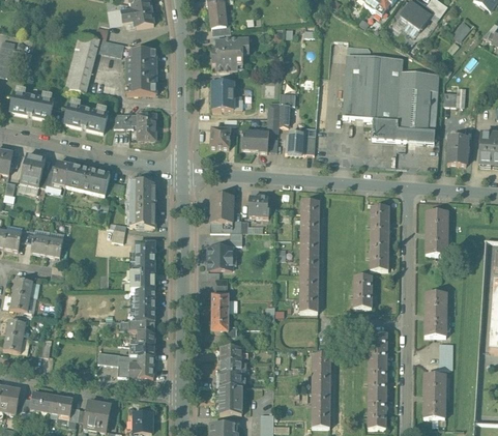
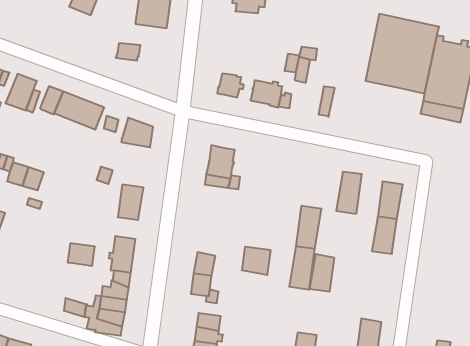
building: [212,81,242,108] -> none
building: [11,92,54,118] -> none
building: [65,104,108,129] -> none
building: [138,112,156,139] -> none
building: [372,118,398,139] -> none
building: [285,128,305,152] -> none
building: [248,195,269,215] -> none
building: [300,201,319,237] -> [336,172,362,214]
building: [129,202,156,227] -> none
building: [426,210,447,254] -> none
building: [208,245,232,268] -> [242,247,271,275]
building: [131,270,154,288] -> [68,243,95,266]
building: [353,274,372,307] -> [310,254,334,292]
building: [424,291,446,335] -> none

